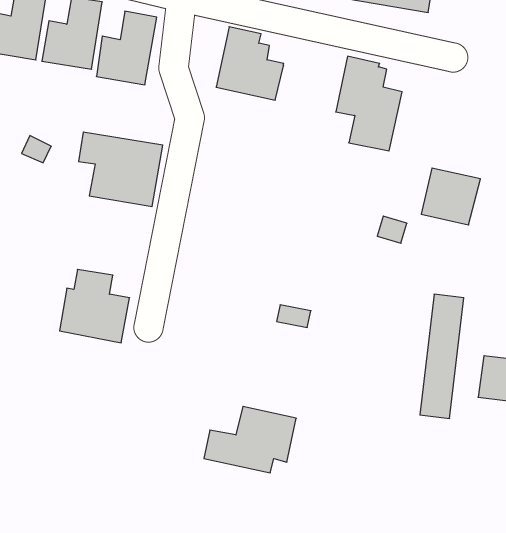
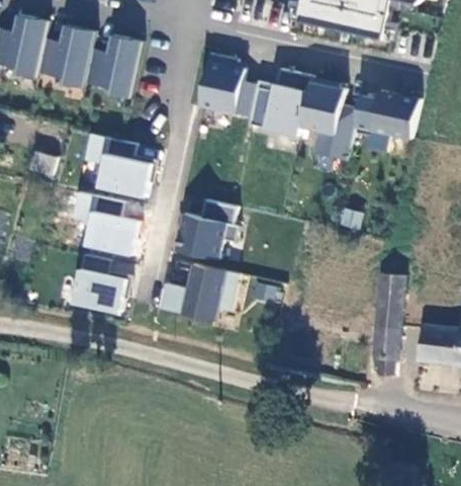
building: none -> [248,64,312,131]
building: [421,168,480,225] -> [369,86,420,135]
building: none -> [175,194,239,254]
building: none -> [71,197,143,259]
building: [204,406,296,473] -> [160,258,239,315]

